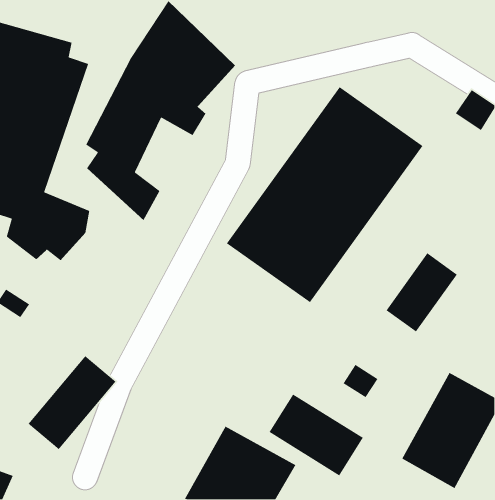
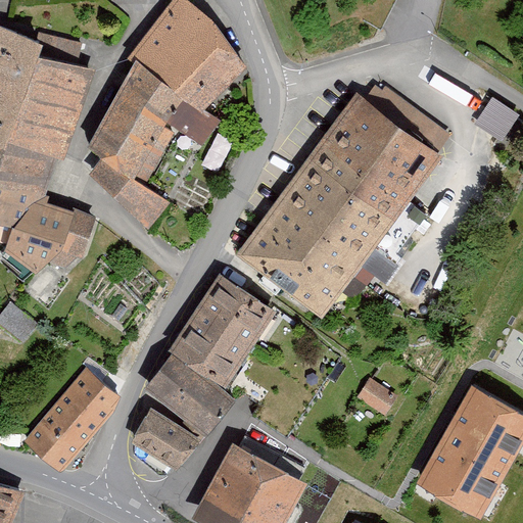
building: [385,252,458,333] -> none
building: none -> [144,276,274,436]
building: [269,393,364,477] -> none
building: none -> [130,412,200,470]

